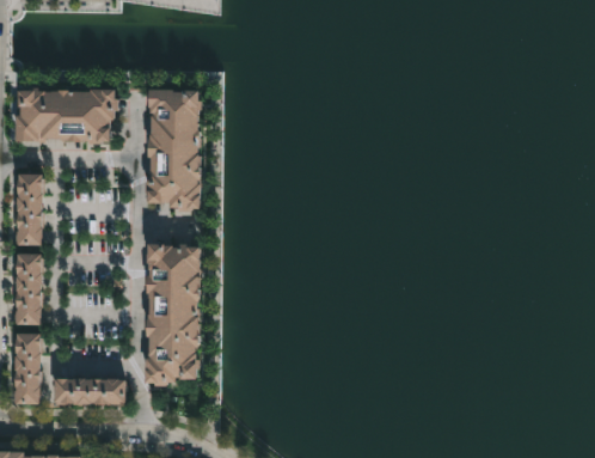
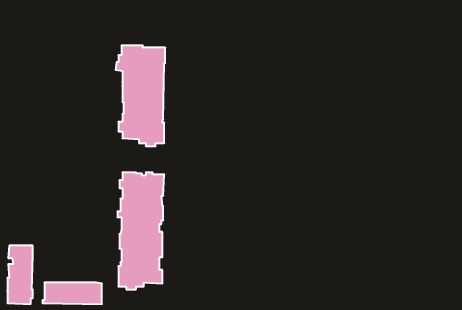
building: [18,88,118,146] -> none
building: [13,175,44,248] -> none
building: [12,255,42,326] -> none

